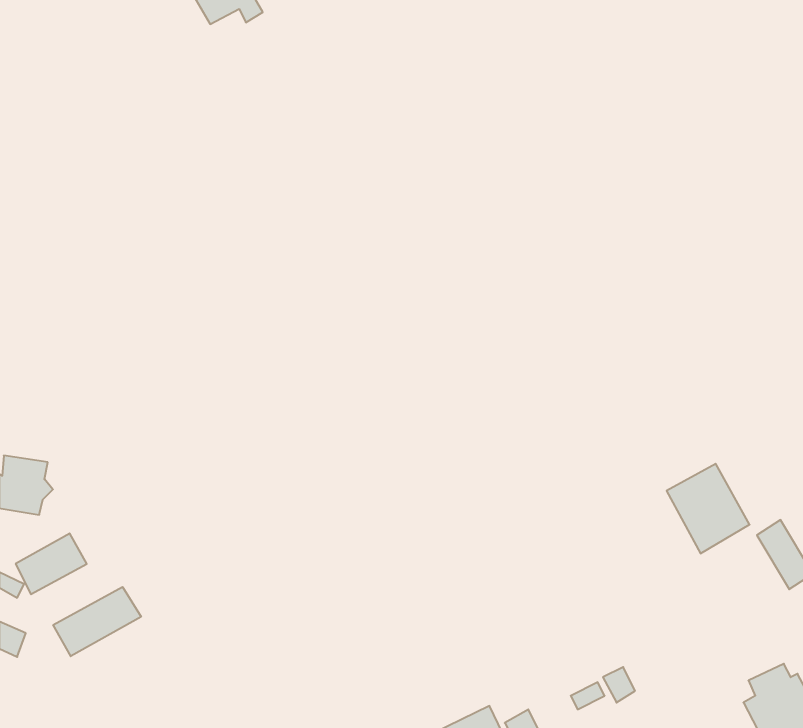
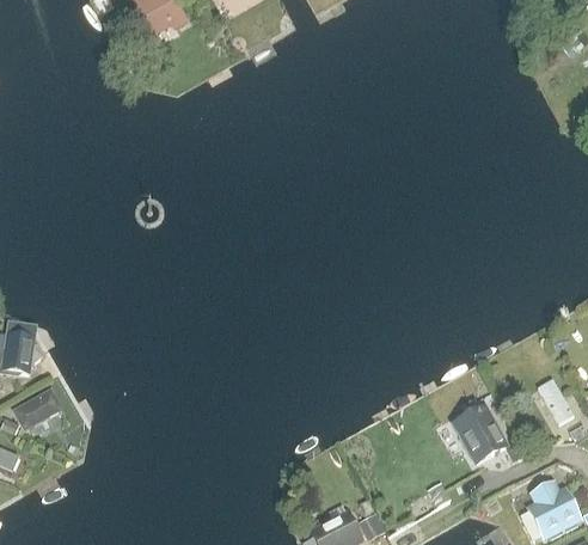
building: [667,464,750,553] -> [452,403,510,466]
building: [53,587,141,656] -> none

